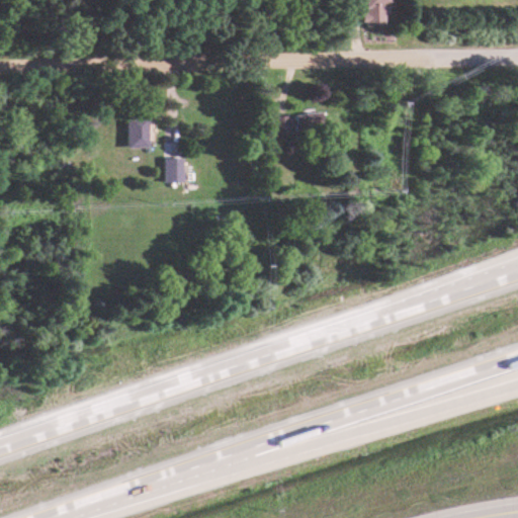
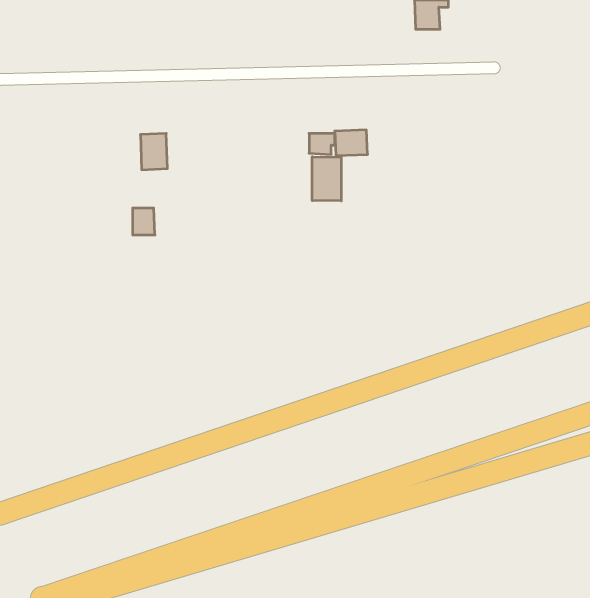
building: none -> [312,157,341,201]
building: [167,158,186,181] -> [133,208,155,235]

